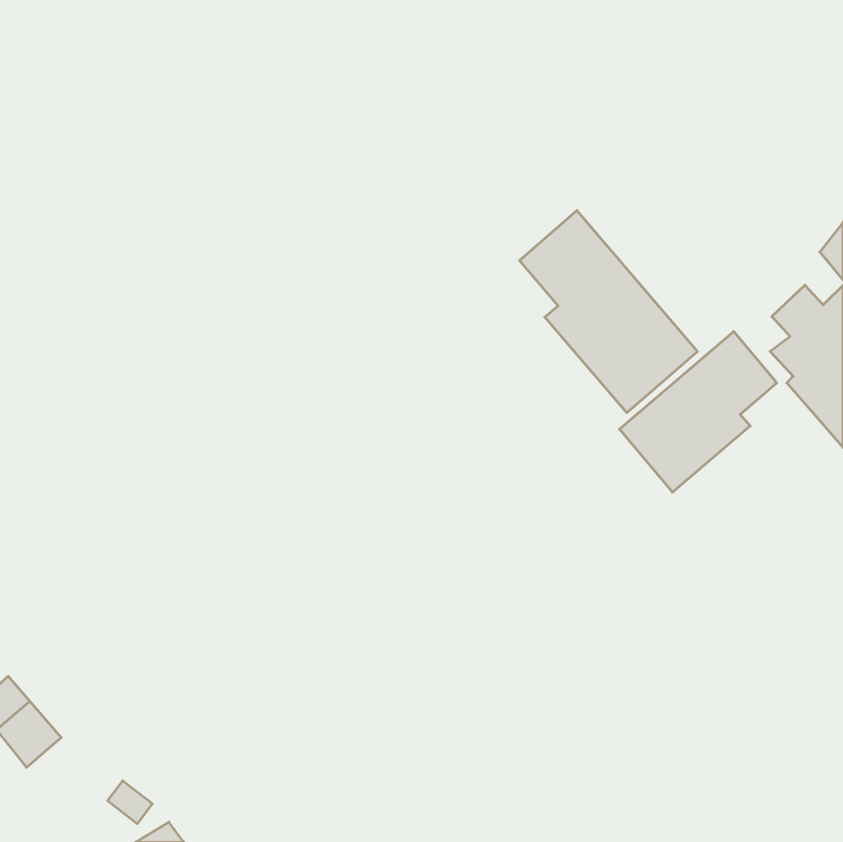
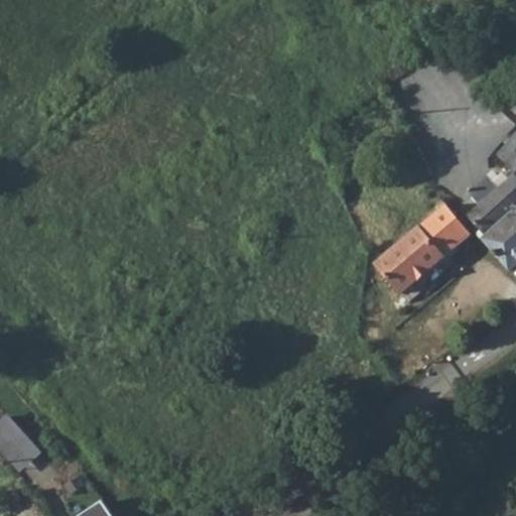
building: [520,210,697,413] -> none

